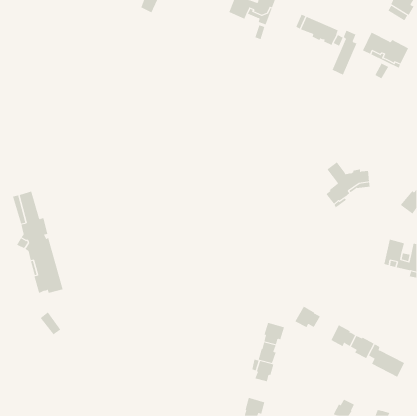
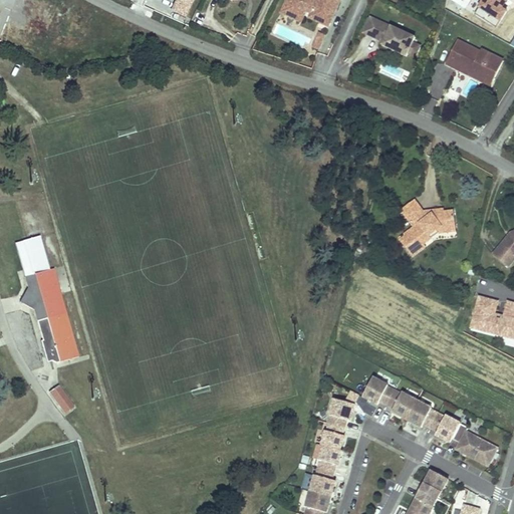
building: [332,30,357,76] -> none
building: none -> [387,390,417,419]
building: none -> [305,466,331,495]
building: none -> [423,469,449,498]

